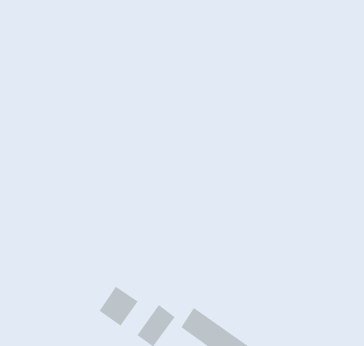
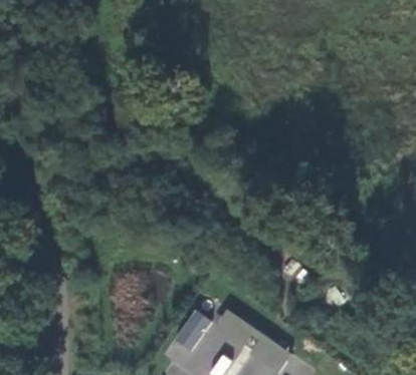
building: [99,286,138,326] -> none

